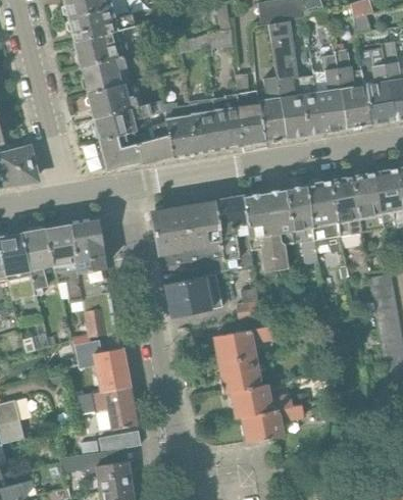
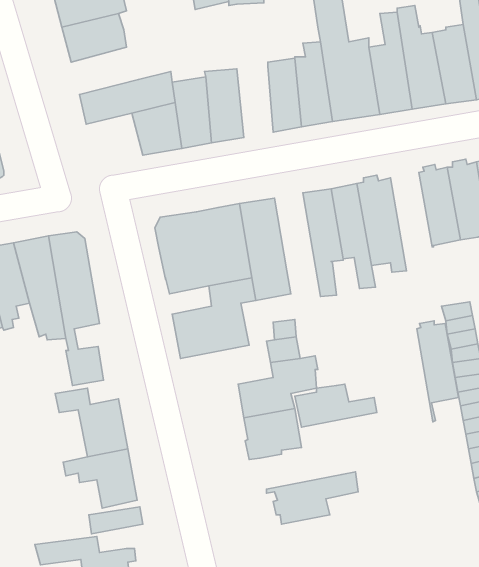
building: [88,82,139,117] -> none
building: [213,96,241,150] -> none
building: [96,132,142,170] -> none
building: [330,174,361,251] -> [417,321,459,422]
building: [242,192,276,272] -> none
building: [231,384,293,416] -> [295,384,377,427]

